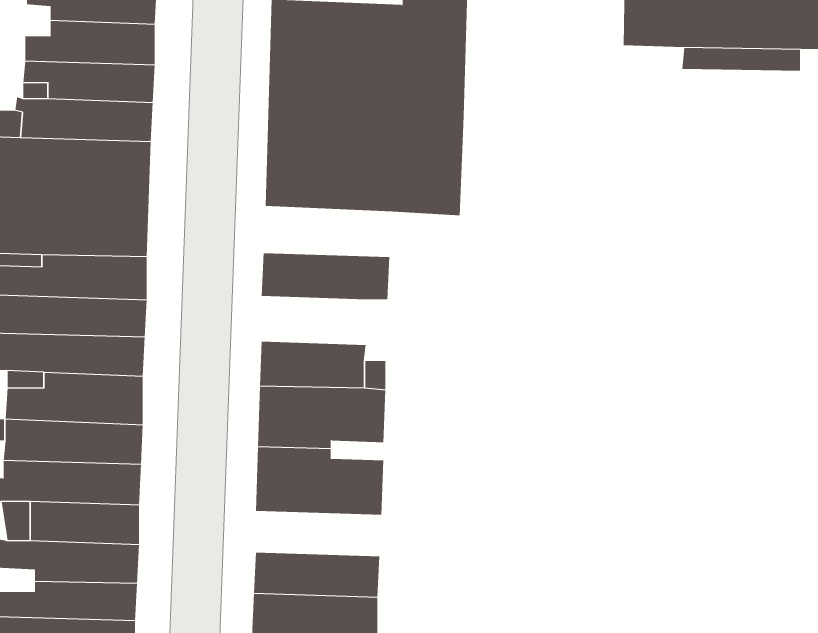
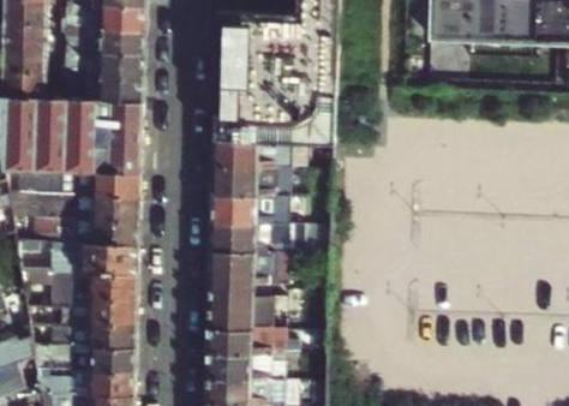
building: none -> [210,141,289,172]
building: none -> [209,196,287,226]
building: none -> [205,328,283,356]

